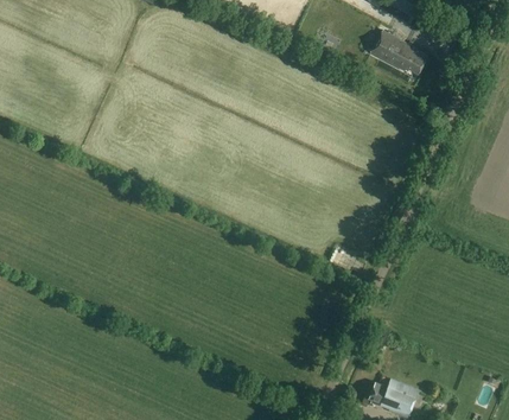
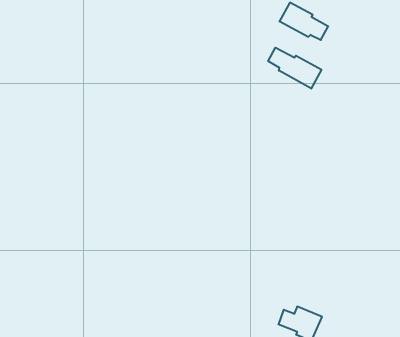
building: none -> [268,48,321,89]

